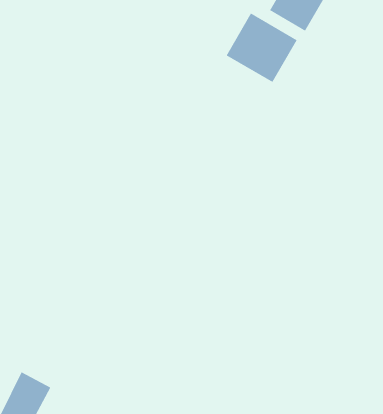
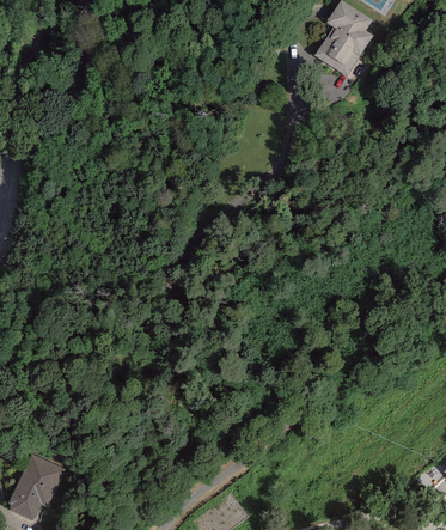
building: [226,13,297,83] -> none

